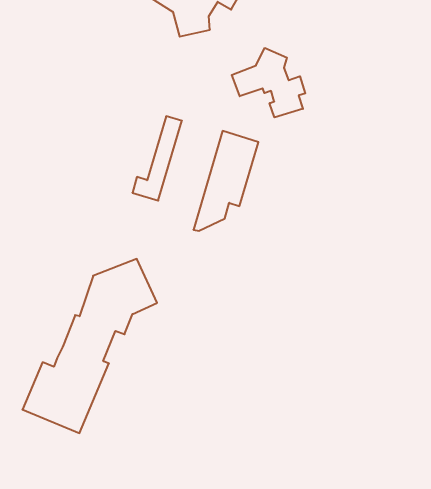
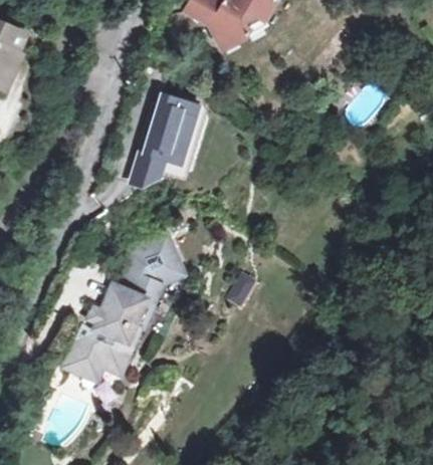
building: [232,48,305,117] -> none
building: [193,131,258,231] -> [135,98,193,188]

